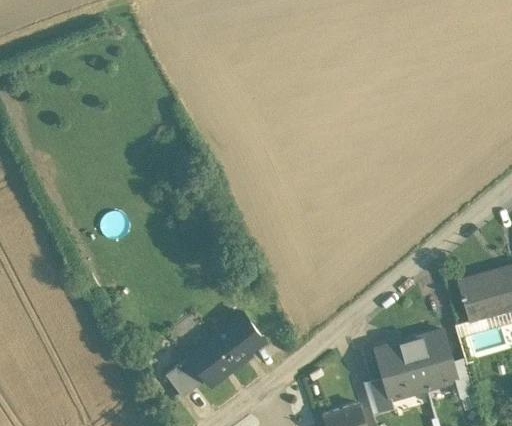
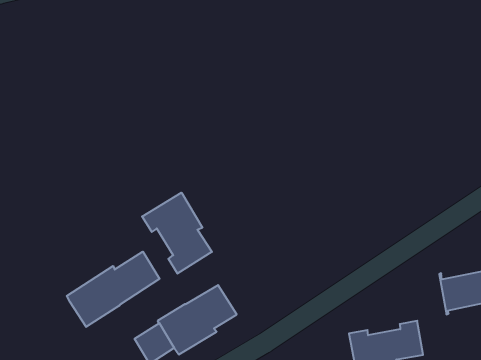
building: none -> [142,193,212,274]
building: none -> [67,252,160,327]

